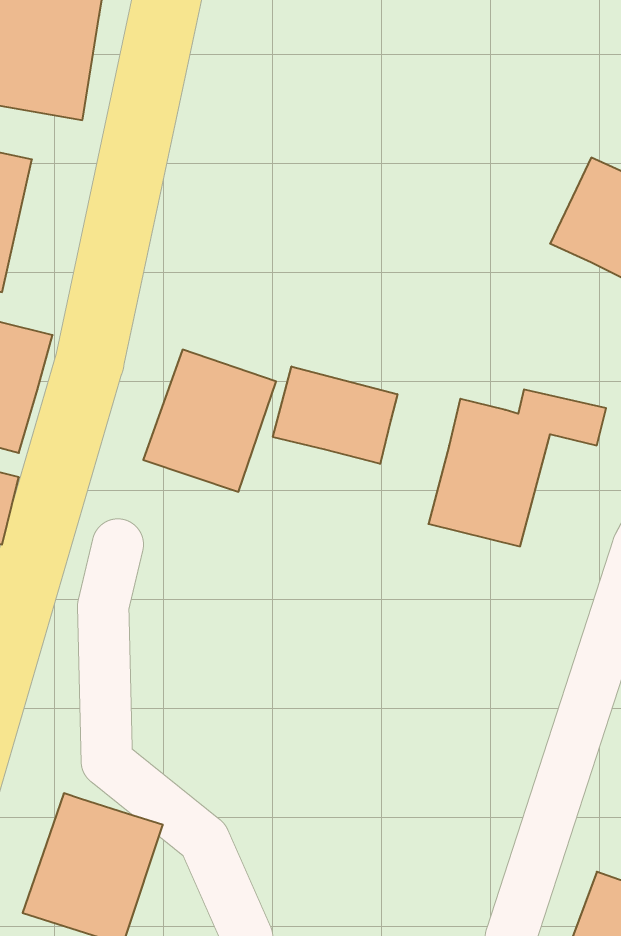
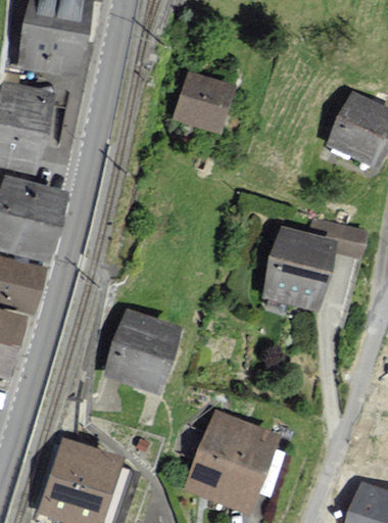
building: none -> [180,75,230,130]
building: [143,350,276,492] -> [106,312,179,389]
building: [273,366,397,464] -> none
building: none -> [190,415,276,511]

